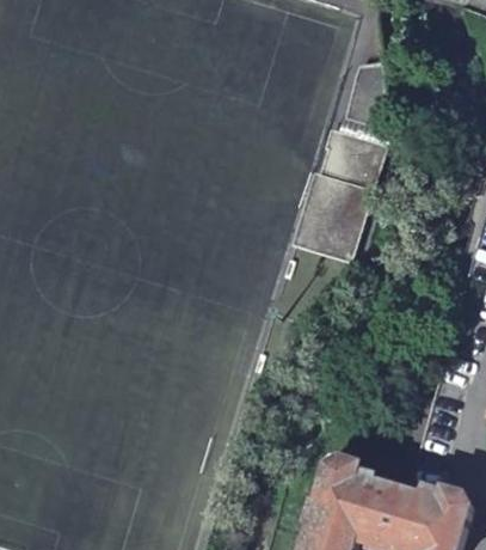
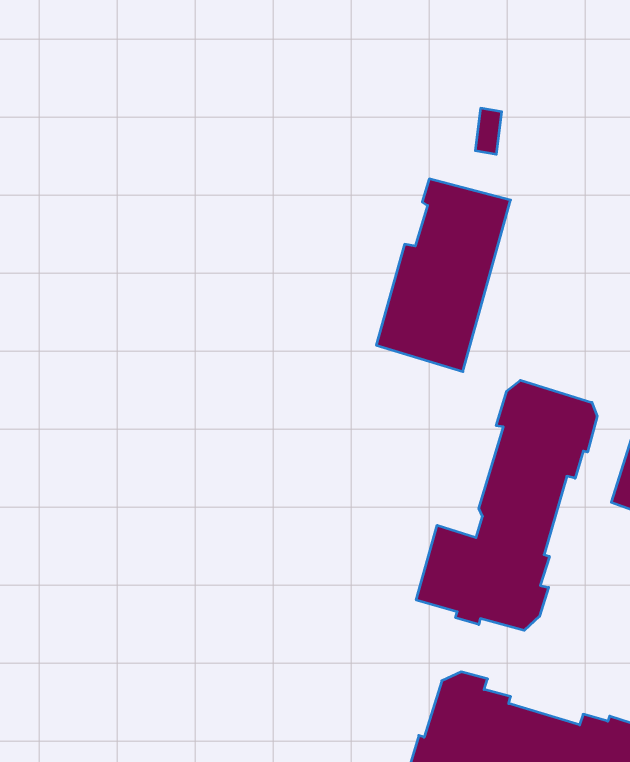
building: none -> [416,380,597,630]

